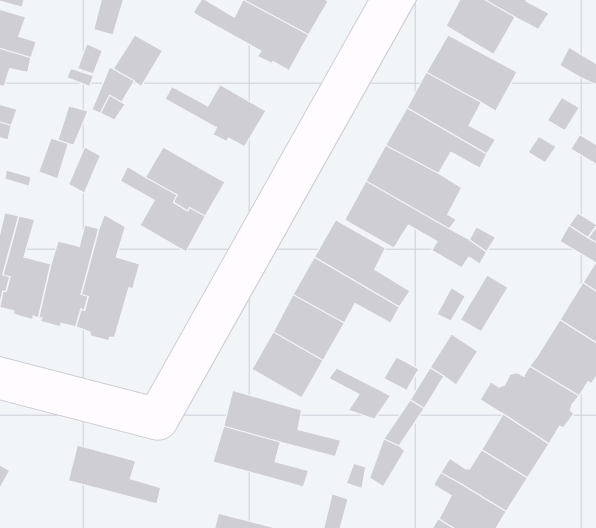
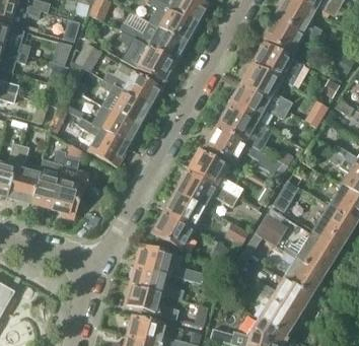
building: none -> [118,31,174,83]
building: none -> [99,79,149,127]
building: [68,445,161,504] -> [126,286,178,320]

